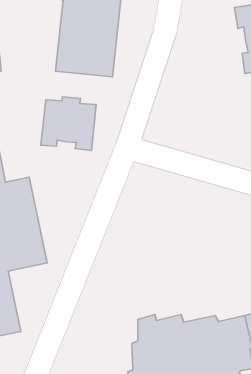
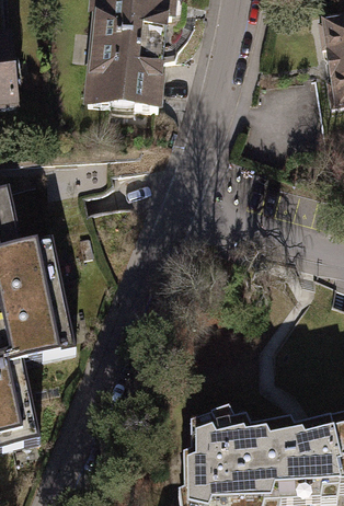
building: [41,97,96,151] -> none

